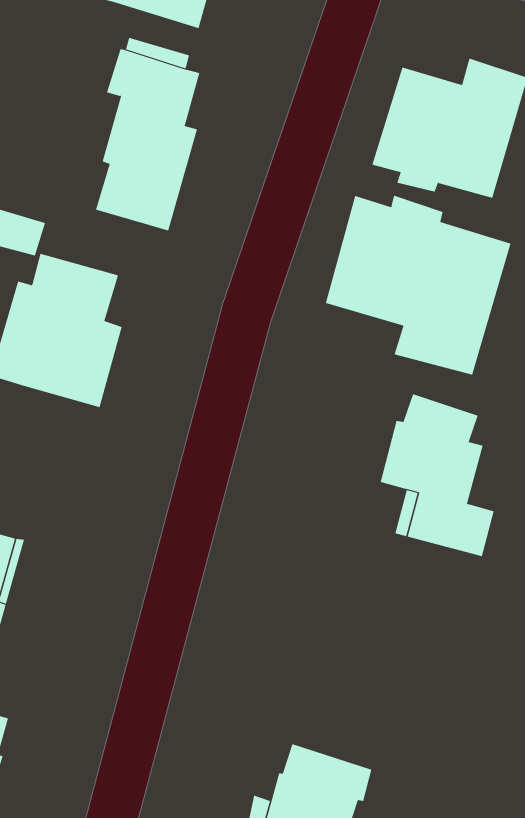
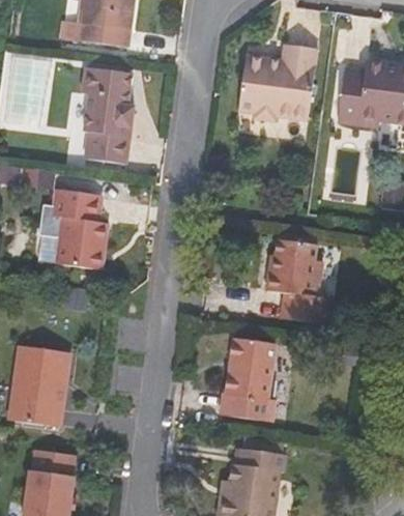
building: [325,195,511,376] -> none
building: none -> [221,337,277,422]

